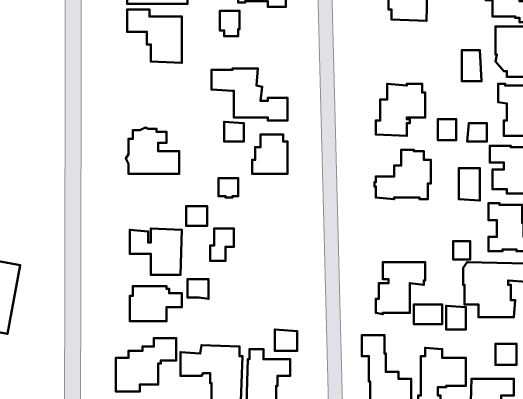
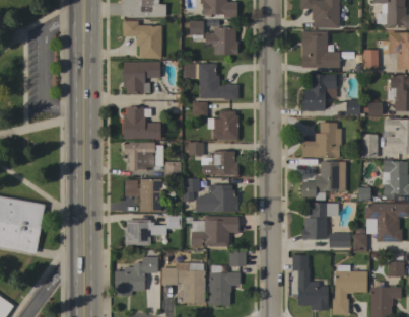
building: none -> [205,27,237,55]
building: none -> [300,31,339,68]
building: none -> [121,62,159,95]
building: none -> [123,142,162,171]
building: none -> [202,151,237,175]
building: none -> [299,161,345,200]
building: none -> [195,184,237,212]
building: none -> [185,216,237,246]

